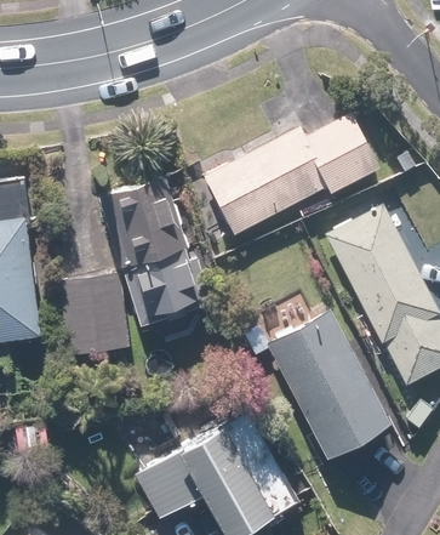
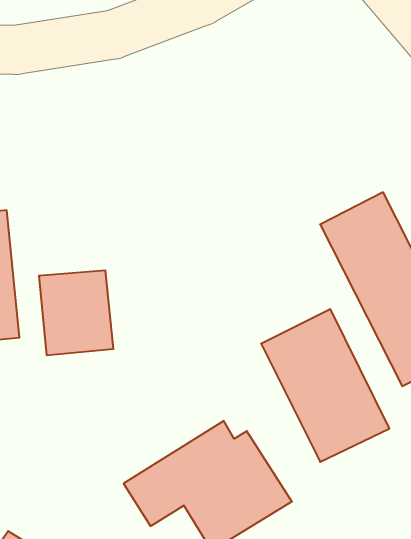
building: [204,114,383,233] -> none
building: [97,175,204,323] -> none

